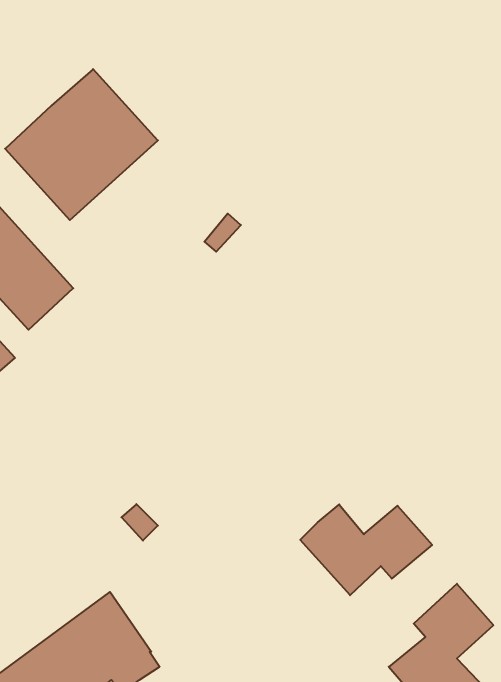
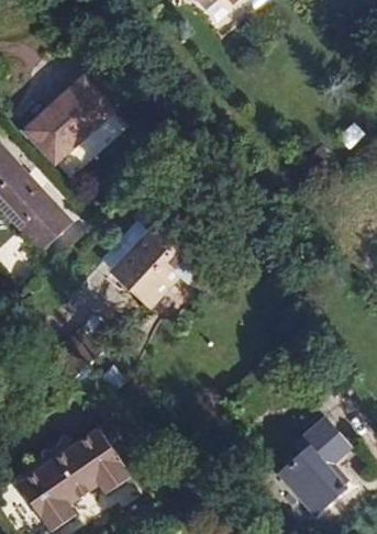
building: none -> [110,221,207,309]
building: [300,504,432,595] -> none

